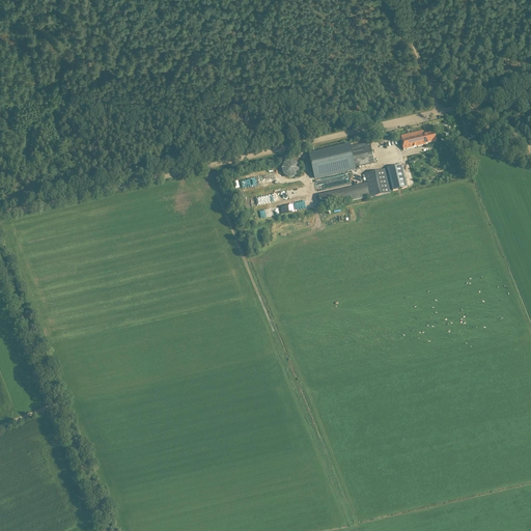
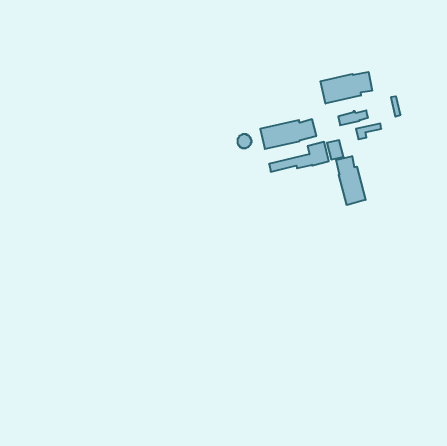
building: none -> [320,72,372,104]
building: none -> [336,156,366,205]

